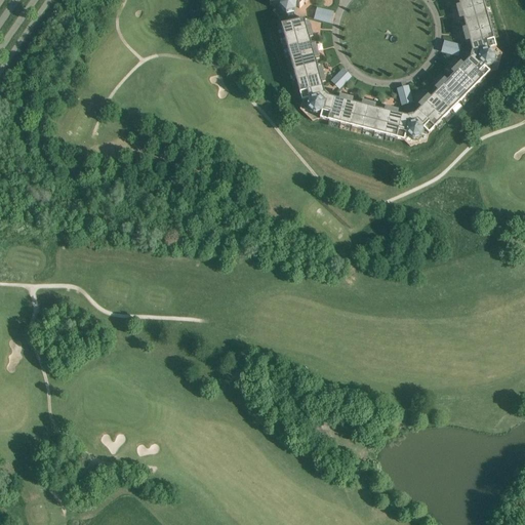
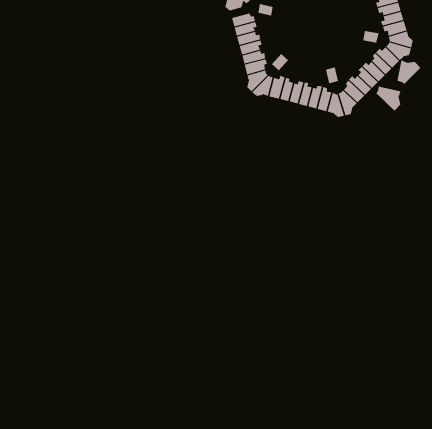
building: none -> [397,60,421,85]
building: none -> [375,86,401,111]

